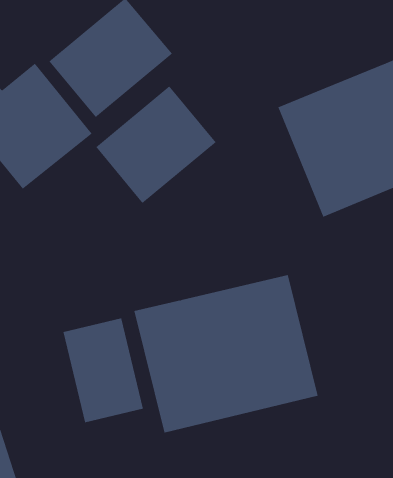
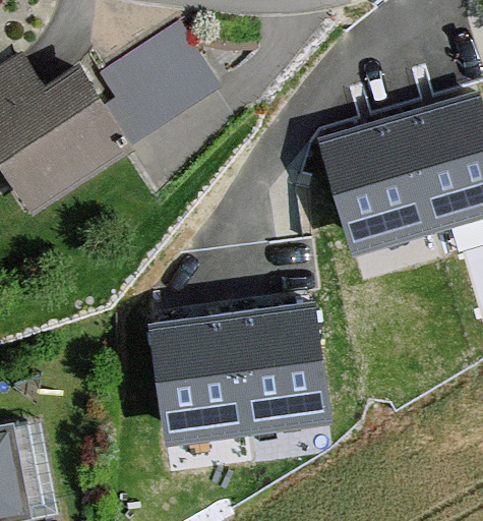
building: [95,85,216,204] -> none
building: [63,318,143,423] -> none

